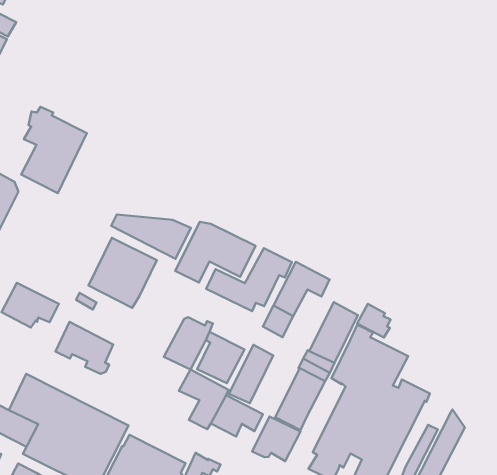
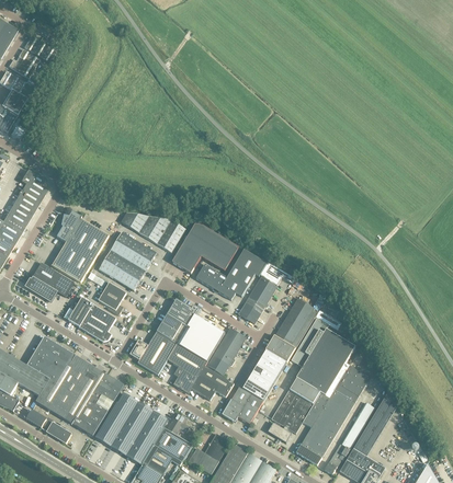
building: [21,107,87,193] -> [52,211,107,283]
building: none -> [98,283,126,315]
building: none -> [131,332,177,376]

